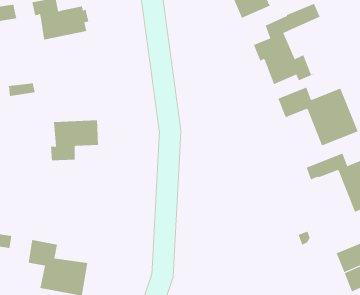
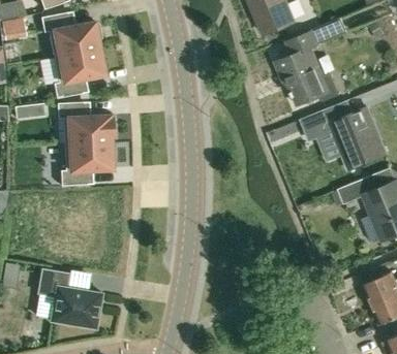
building: none -> [53,49,104,98]
building: none -> [57,102,113,144]

